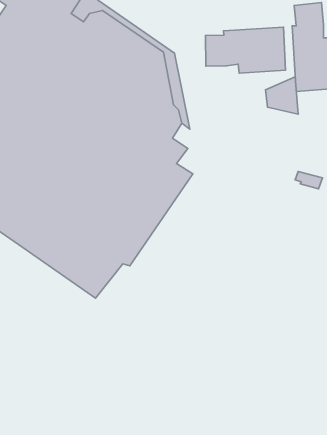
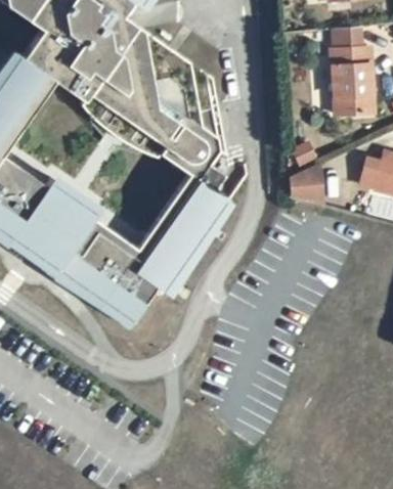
building: [205,27,285,73] -> none
building: [266,77,298,114] -> [287,165,319,203]

